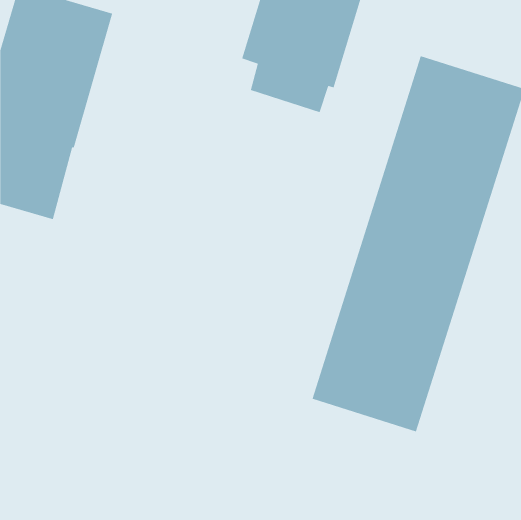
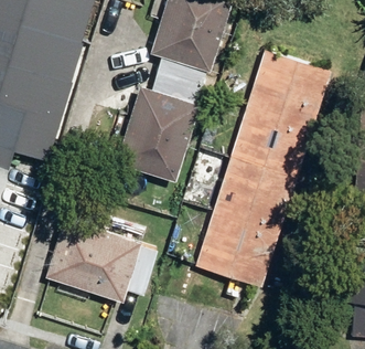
building: none -> [117,73,202,182]
building: none -> [45,219,158,303]

